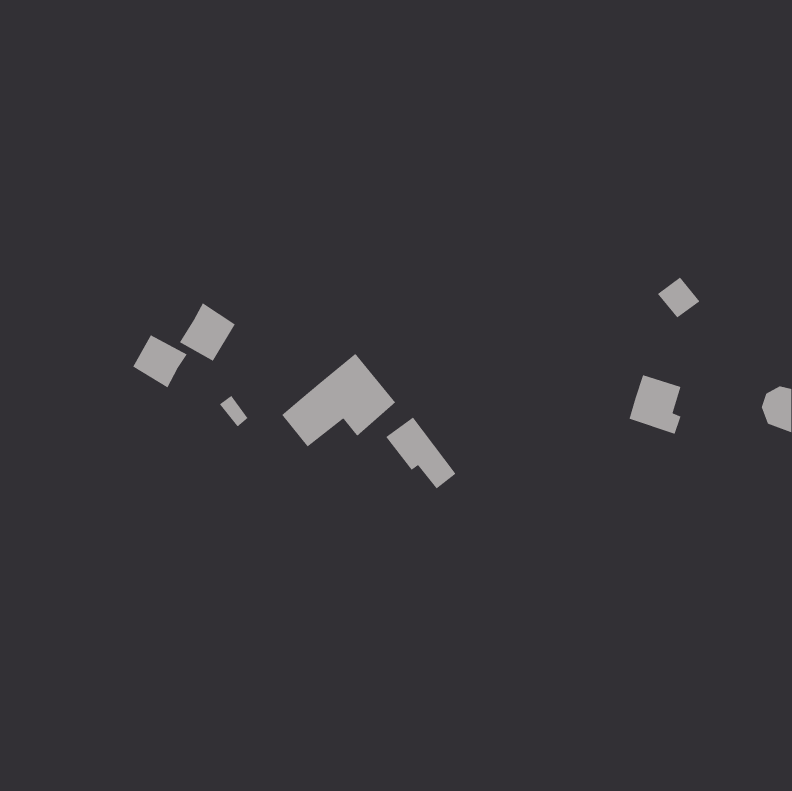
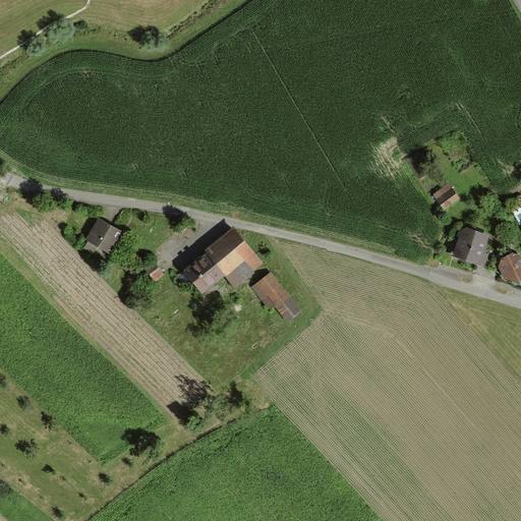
building: [179,302,236,362] -> none
building: [629,374,681,435] -> [453,227,487,267]

